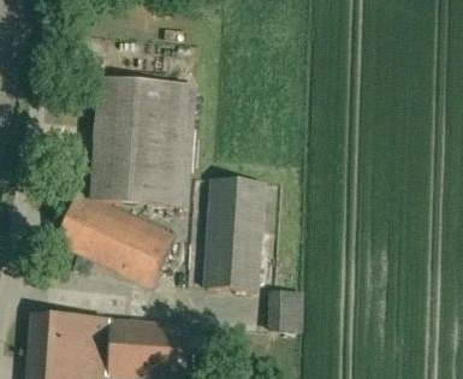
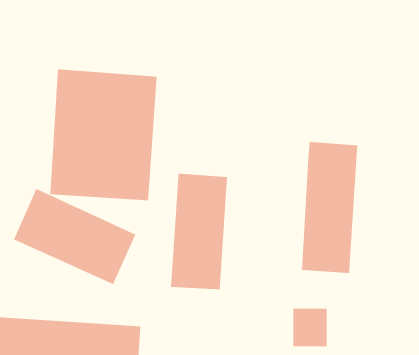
building: none -> [302,141,358,274]
building: [271,289,304,326] -> [292,308,328,347]

